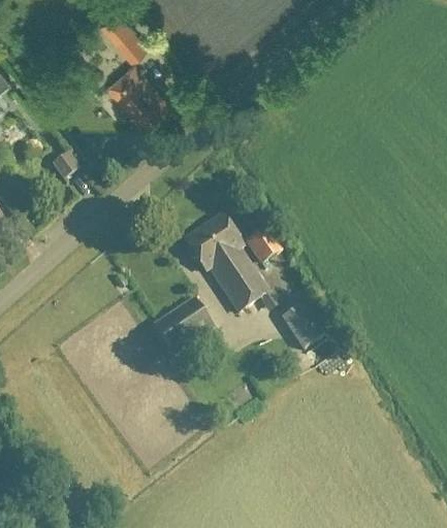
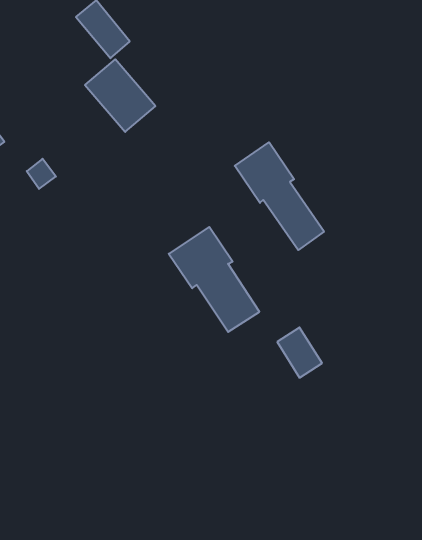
building: none -> [235,142,324,250]
building: [245,226,282,264] -> none
building: [153,298,213,355] -> none

